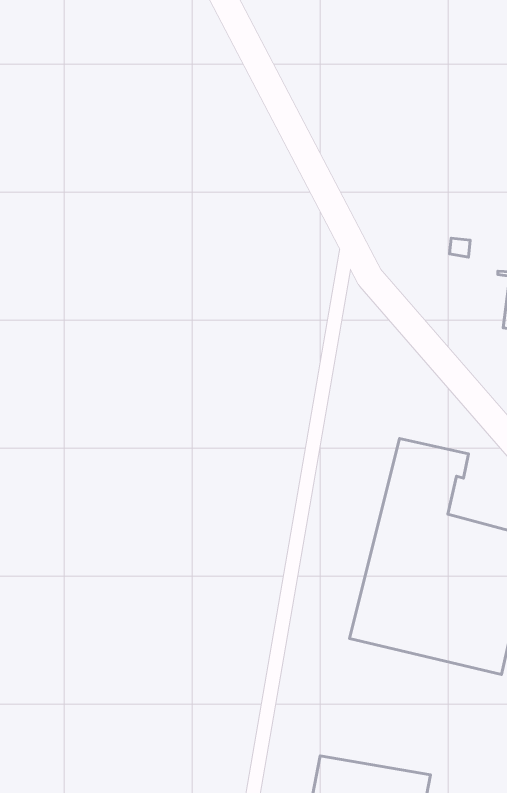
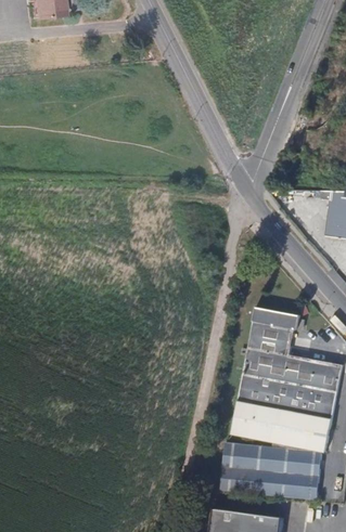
building: none -> [219,442,322,498]

